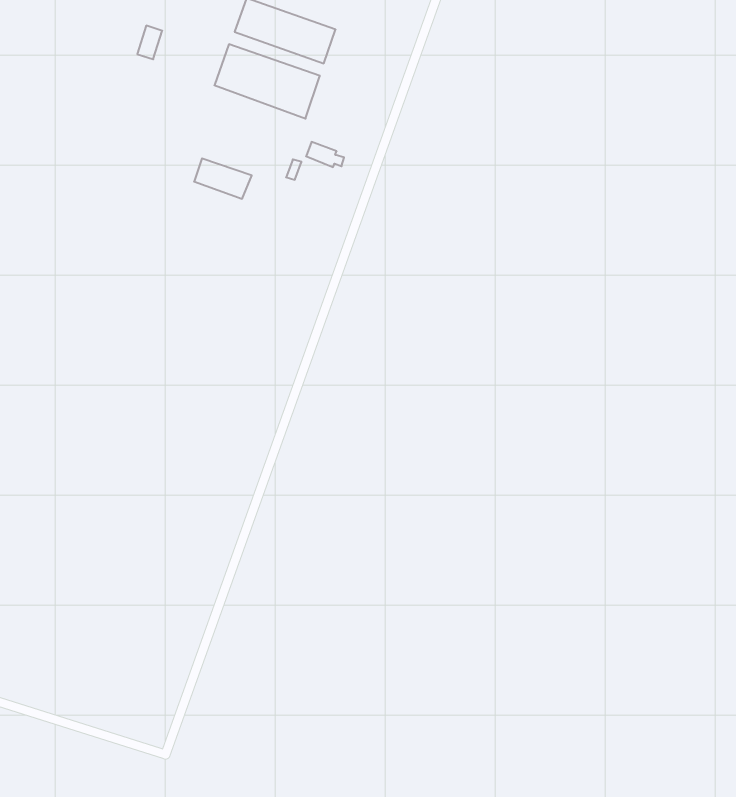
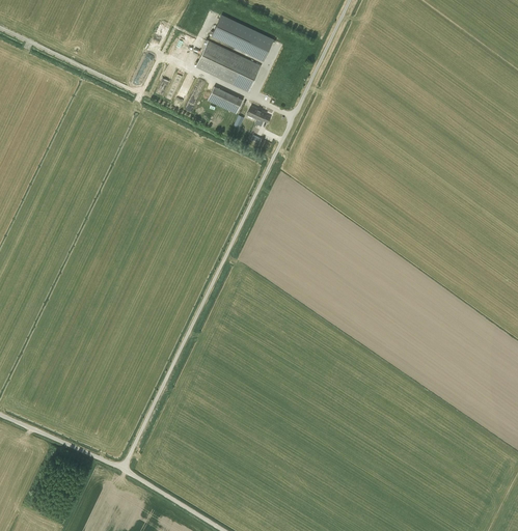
building: [194,158,252,199] -> [208,87,243,114]

